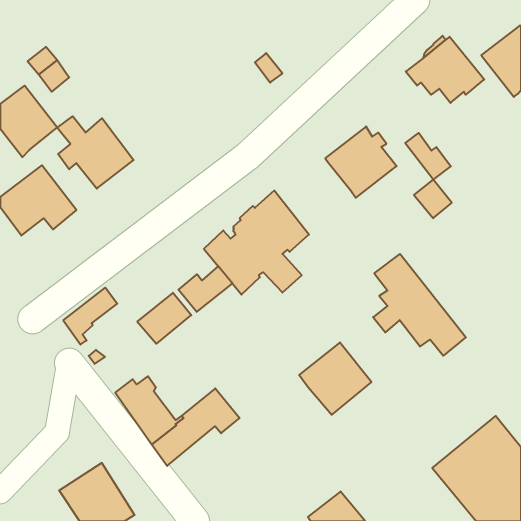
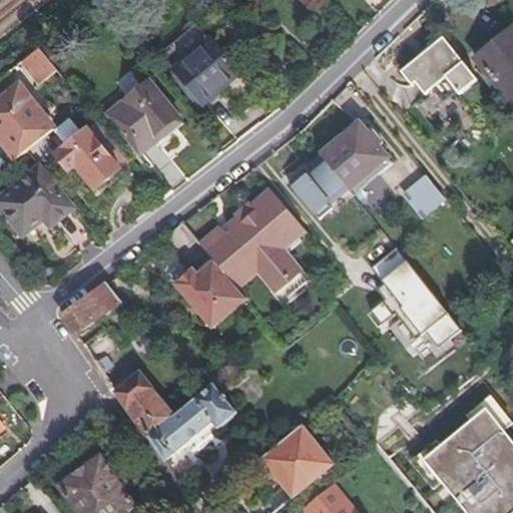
building: none -> [175,35,239,99]
building: none -> [112,77,178,147]
building: [405,133,451,179] -> none
building: none -> [287,158,345,219]
building: [137,293,191,344] -> [193,279,246,329]
building: [299,342,371,415] -> [261,427,332,498]

